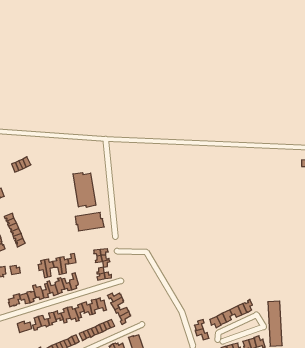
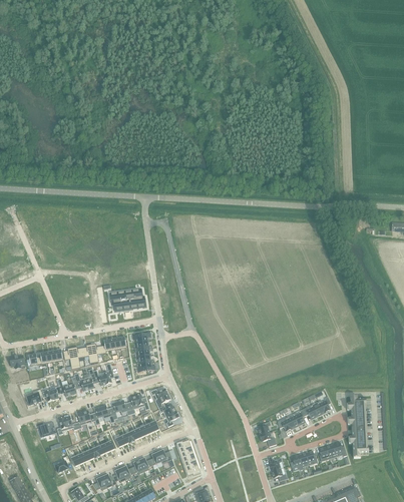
building: [73,173,96,207] -> none

